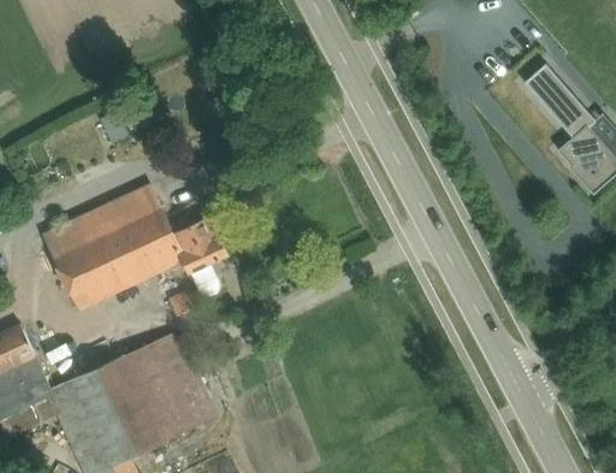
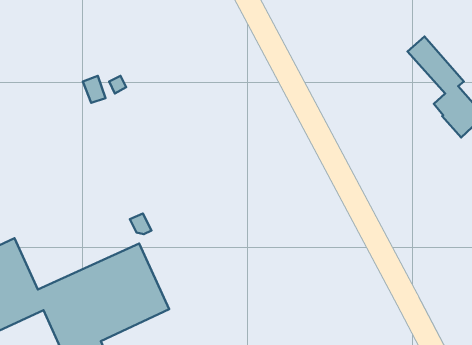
building: [41,184,226,311] -> none

